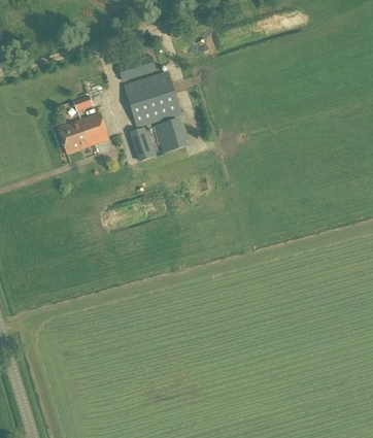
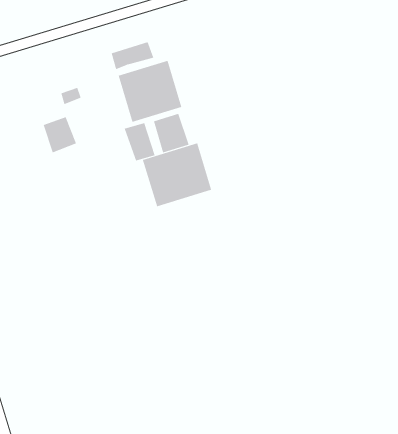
building: [78,112,108,144] -> none
building: none -> [142,142,212,207]

